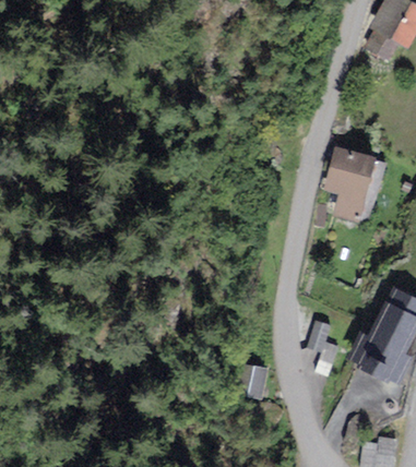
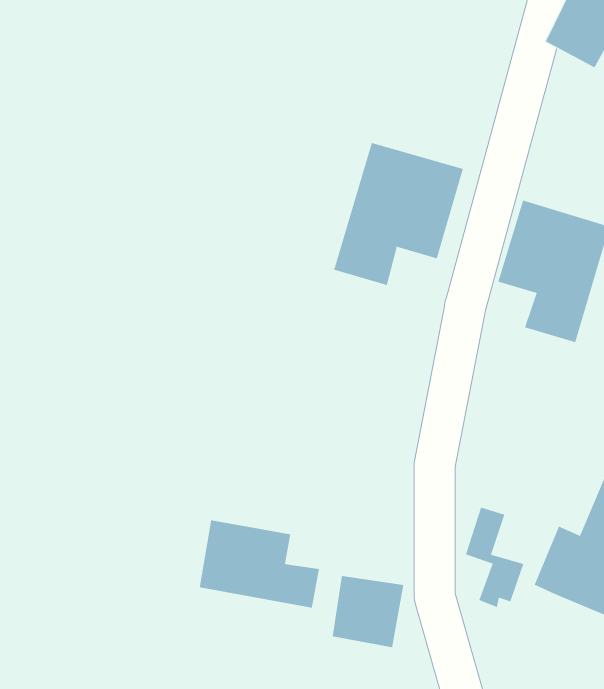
building: none -> [333,142,463,286]
building: none -> [199,520,320,609]

